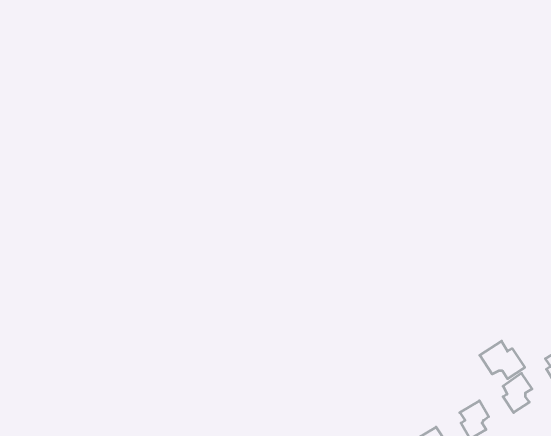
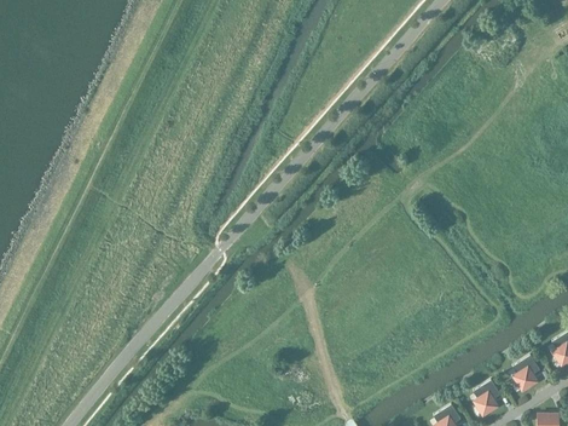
building: [480,341,525,379] -> none

